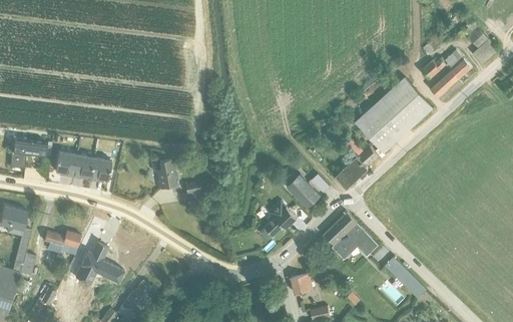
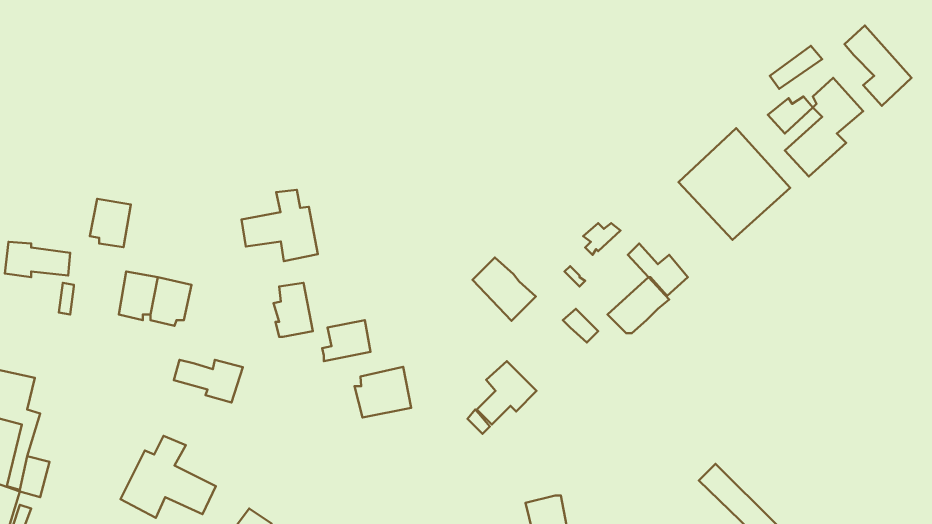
building: [355,105,402,153] -> none
building: none -> [241,190,318,261]
building: [54,150,76,177] -> [90,199,131,247]
building: [287,174,321,208] -> [472,257,536,321]
building: none -> [355,367,411,417]
building: [324,212,378,259] -> none
building: [43,231,80,254] -> [174,360,243,403]

